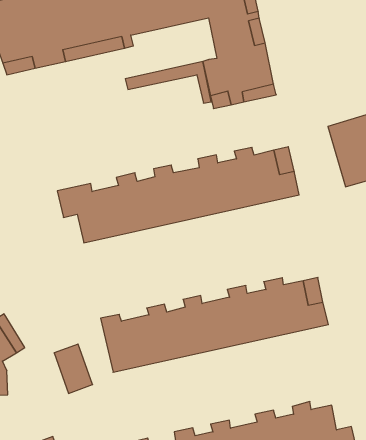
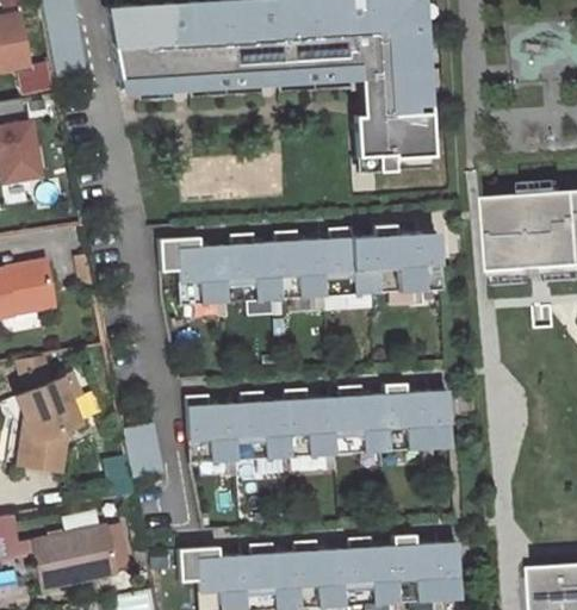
building: [125,62,211,103] -> [274,64,371,113]

